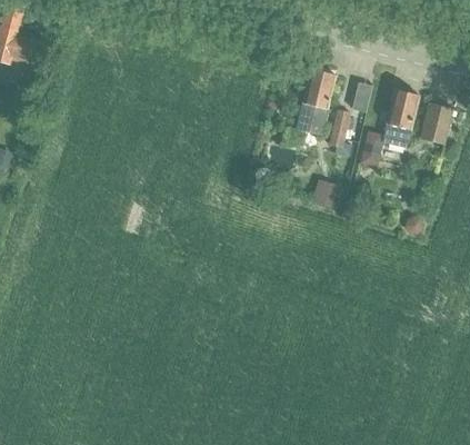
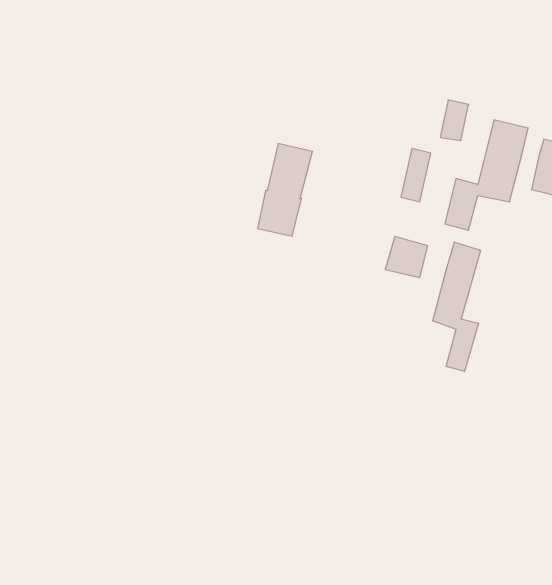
building: [296,70,334,136] -> [258,143,313,236]
building: none -> [433,242,481,371]

